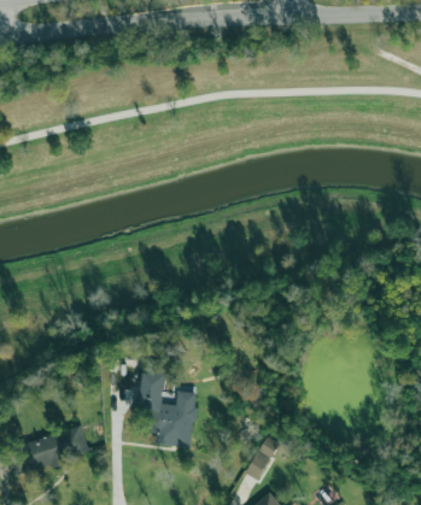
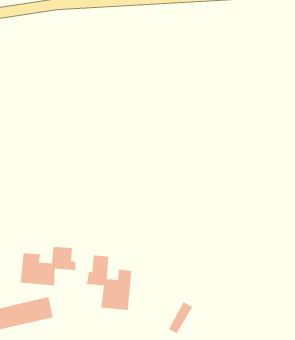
building: none -> [20,246,76,286]

